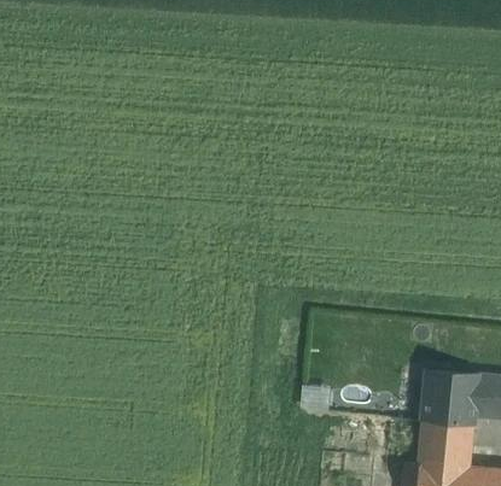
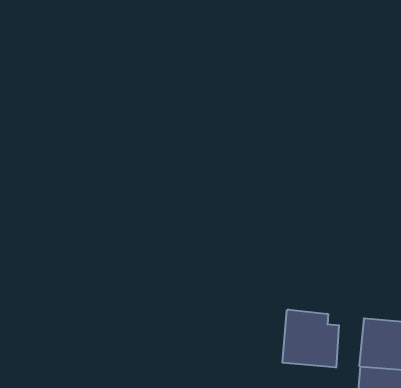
building: none -> [282,309,339,368]

